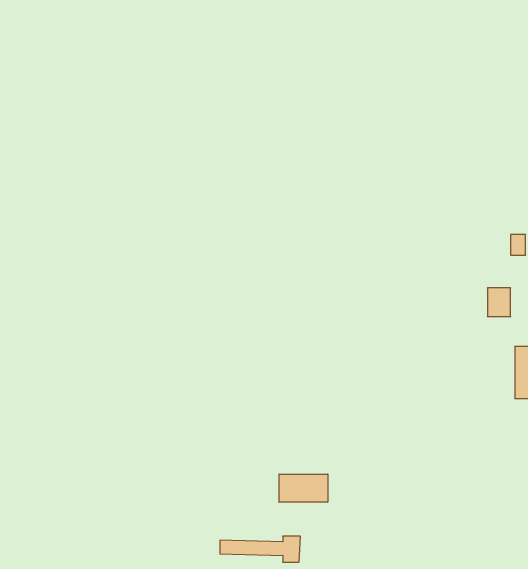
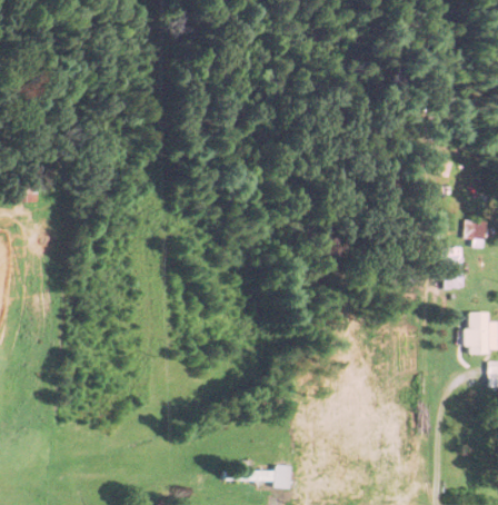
building: [279,474,328,502] -> none

